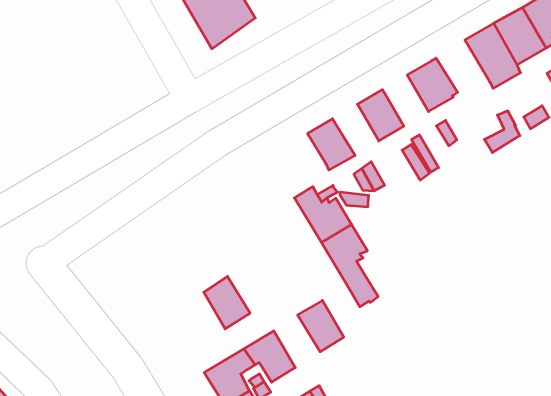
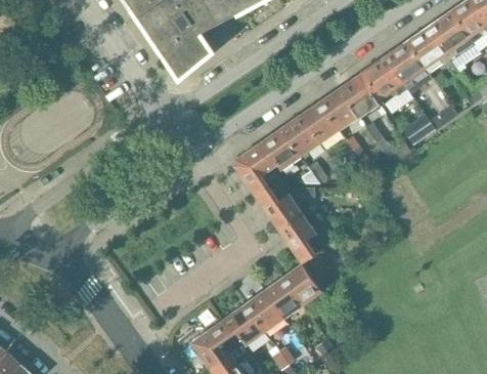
building: none -> [361,56,406,99]
building: none -> [319,88,358,130]
building: none -> [280,115,319,157]
building: none -> [233,141,277,195]
building: [204,276,250,329] -> [245,290,283,333]
building: none -> [282,263,327,305]

